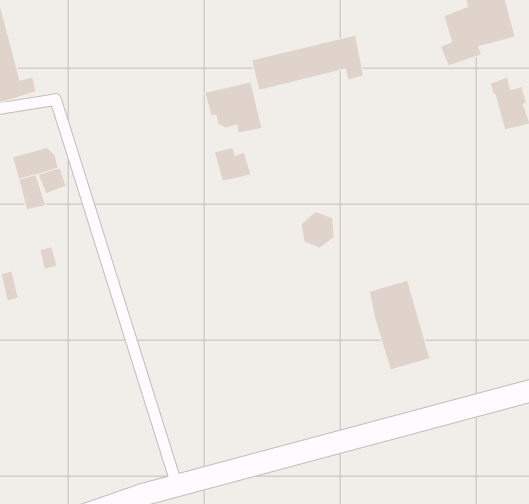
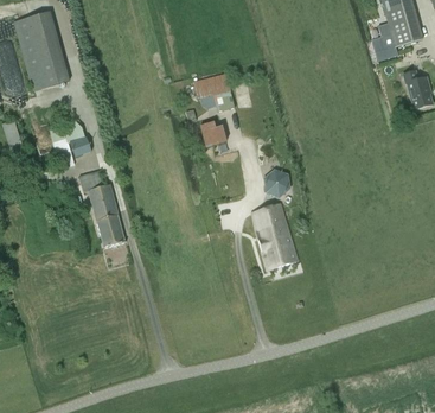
building: [252,35,364,91] -> none
building: none -> [78,170,126,247]
building: [369,280,430,370] -> [251,202,296,268]

